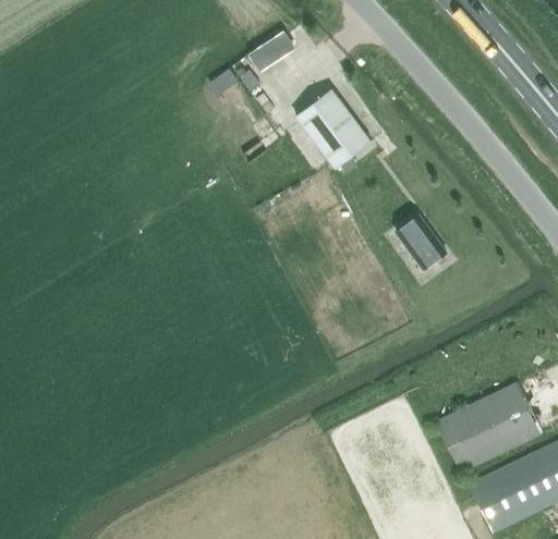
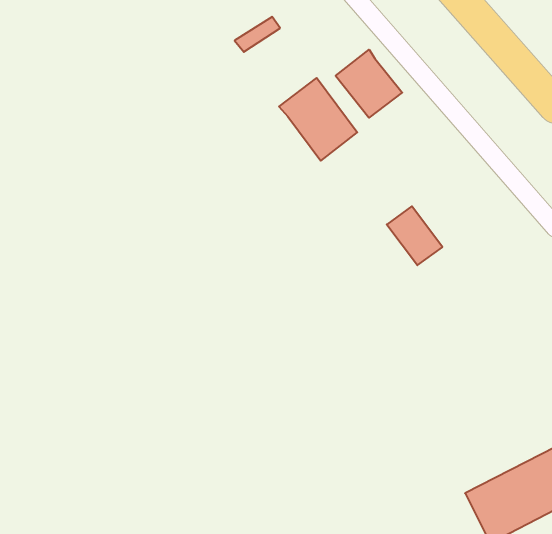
building: none -> [336,50,402,118]
building: [437,383,543,473] -> none

